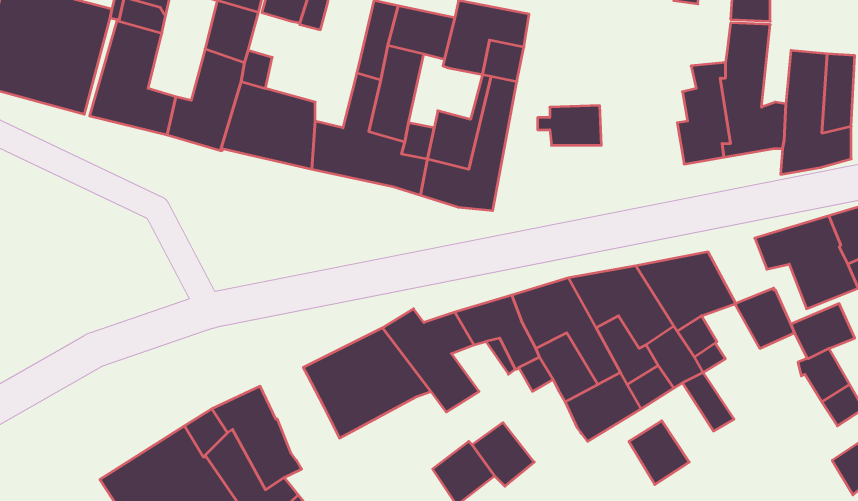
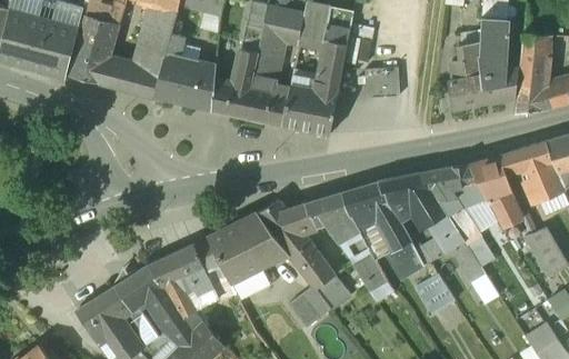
building: none -> [468,156,510,198]
building: none -> [179,243,220,299]
building: none -> [352,253,386,291]
building: none -> [299,255,336,289]

